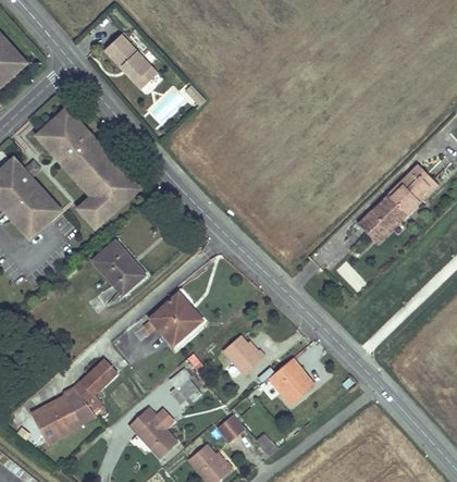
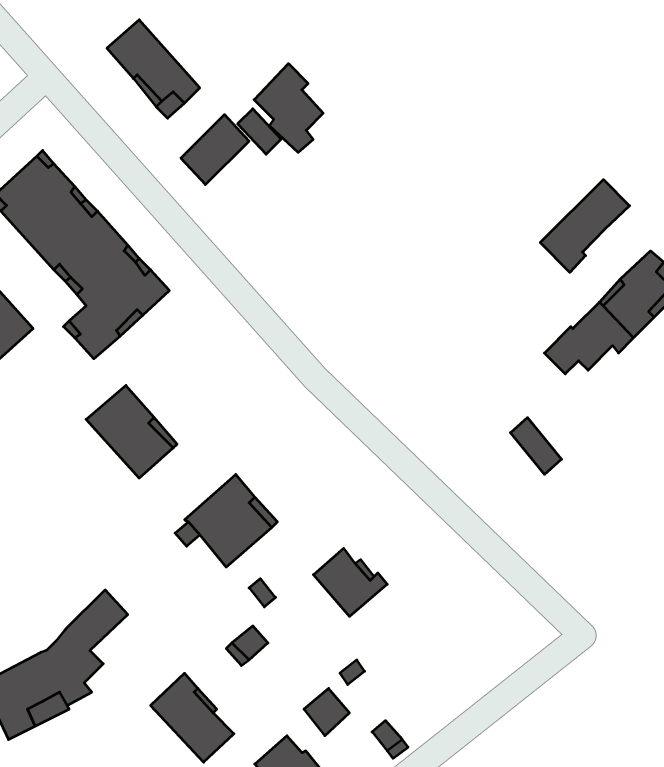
building: none -> [254,64,323,152]
building: none -> [540,180,630,272]
building: [269,359,313,404] -> none

